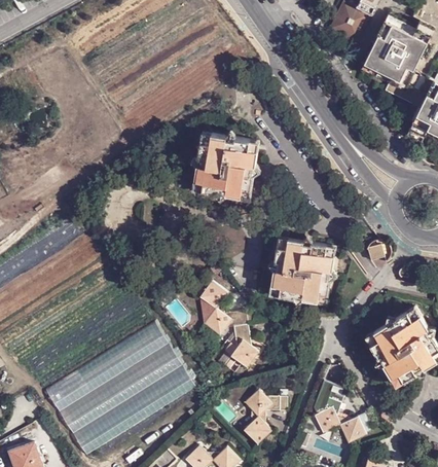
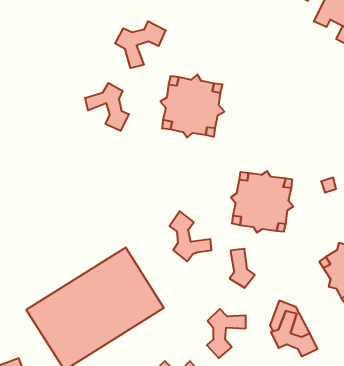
building: none -> [115,21,166,68]
building: none -> [85,83,129,131]
building: [231,324,259,367] -> [230,249,255,288]

